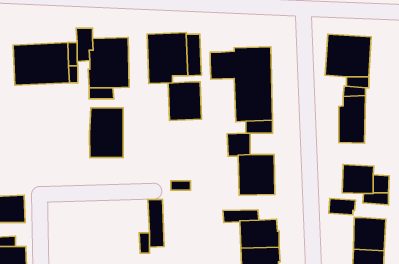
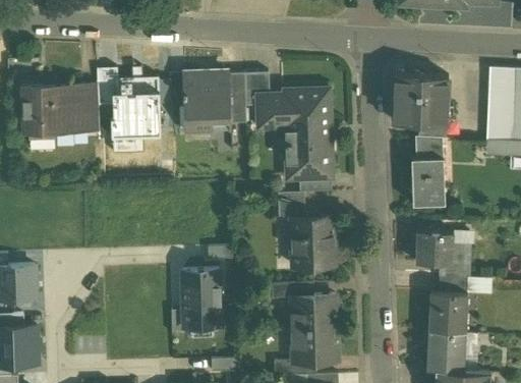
building: none -> [244,72,269,107]
building: [168,82,202,120] -> none
building: [90,108,123,157] -> none
building: [329,199,355,215] -> [438,275,469,294]
building: none -> [199,270,221,327]

